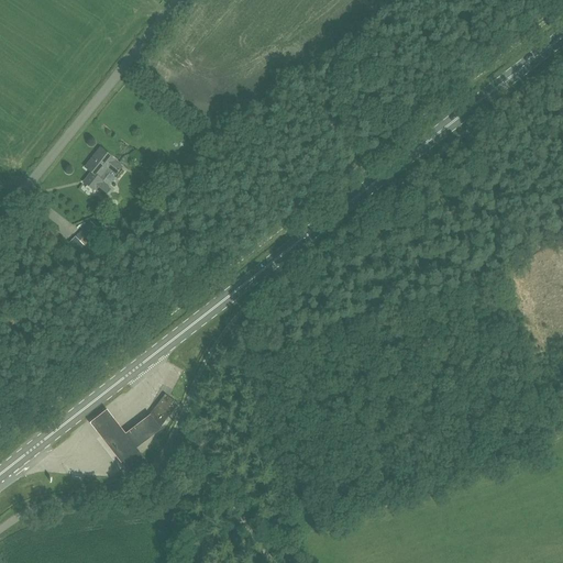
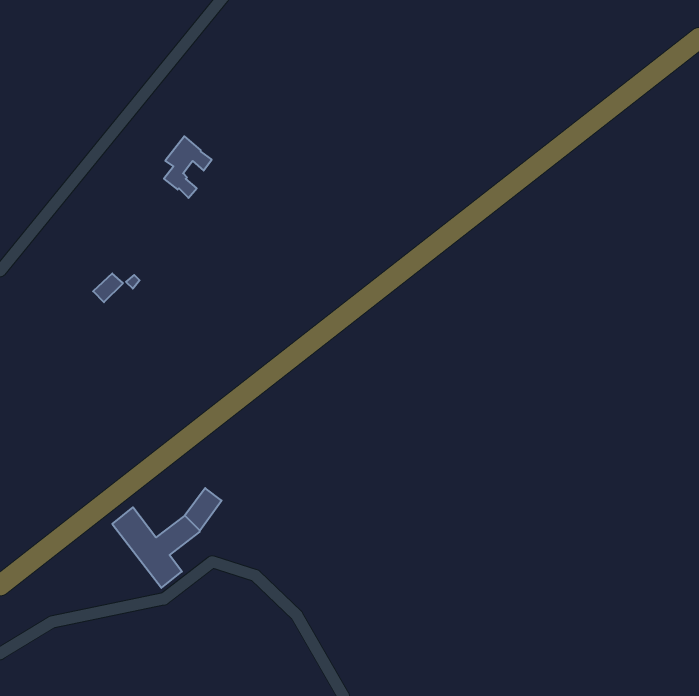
building: [84,146,122,196] -> [164,136,212,198]

